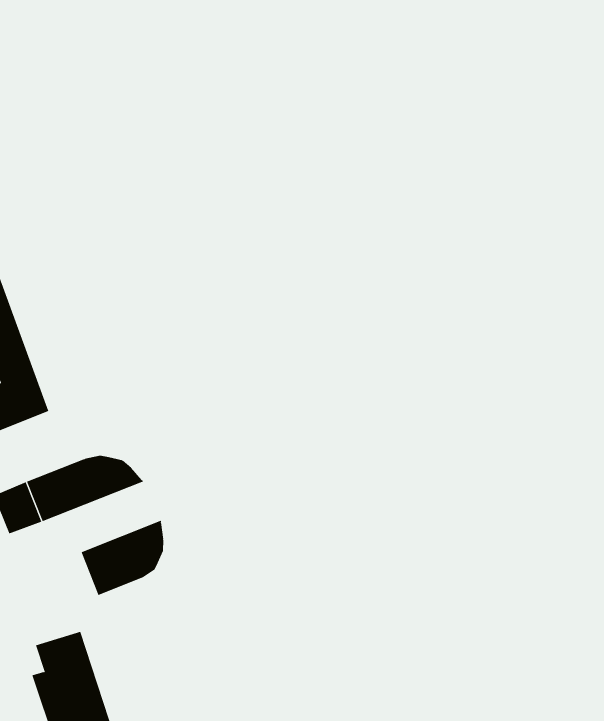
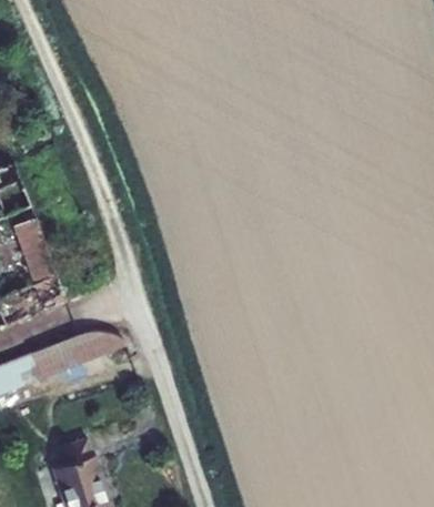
building: [81,520,164,596] -> none

